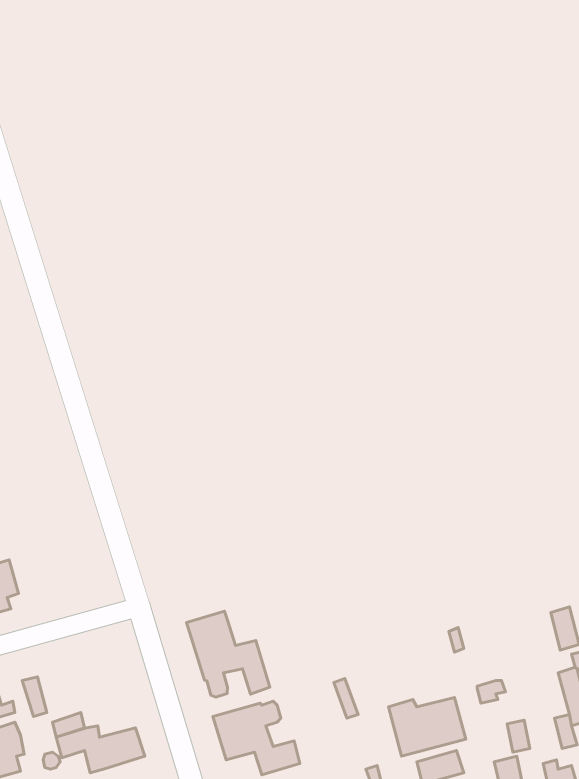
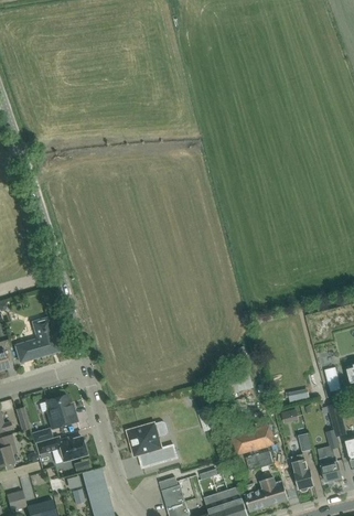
building: none -> [15,318,60,359]
building: [186,611,270,697] -> none
building: none -> [46,395,77,429]

